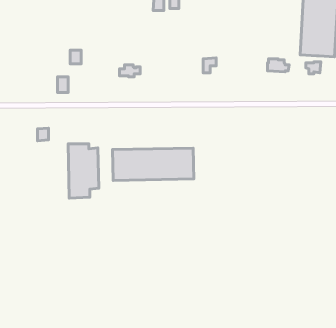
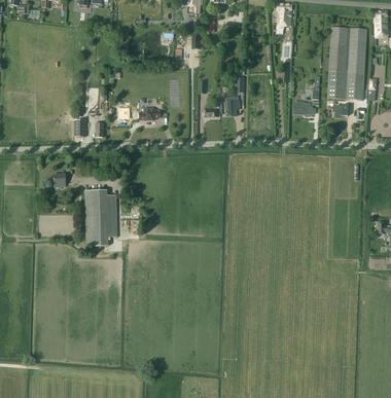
building: [113,148,194,180] -> none

